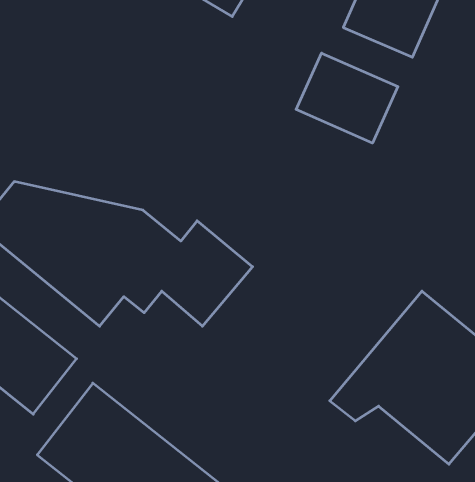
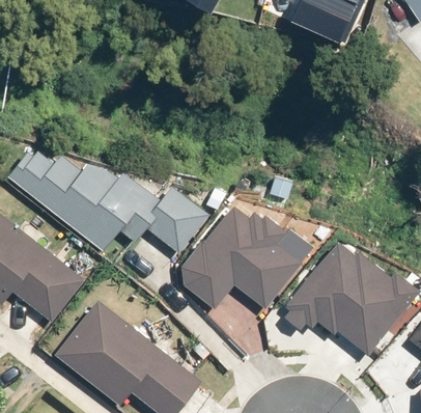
building: [296,53,398,143] -> none
building: none -> [183,195,318,307]

